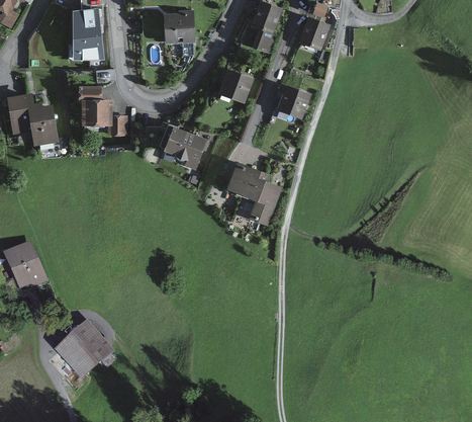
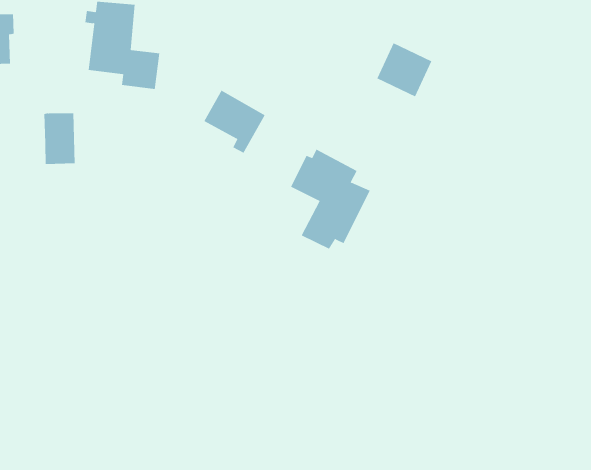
building: [220,74,249,103] -> none
building: [28,107,54,144] -> [44,113,76,164]
building: [61,324,111,374] -> none

